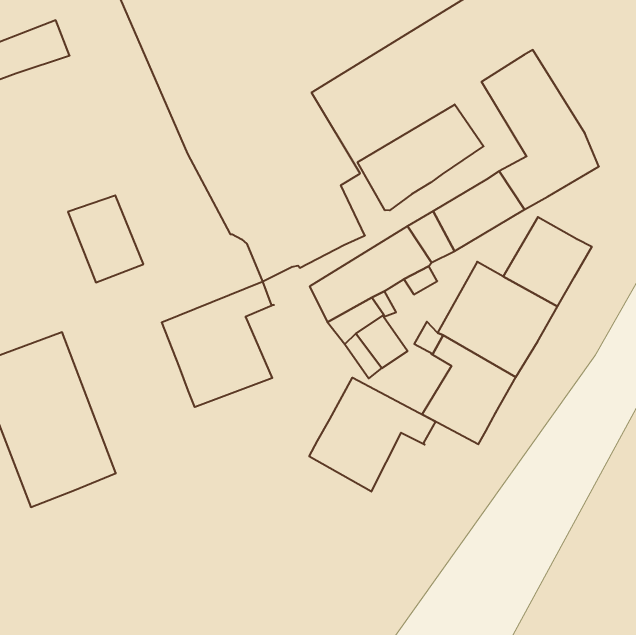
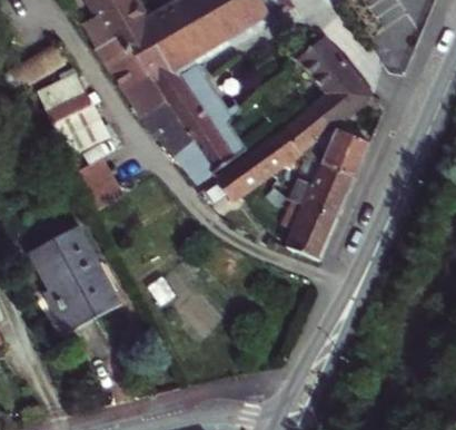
building: none -> [48,84,110,149]
building: [358,104,484,210] -> none
building: [162,281,274,407] -> none
building: [309,378,436,492] -> none

